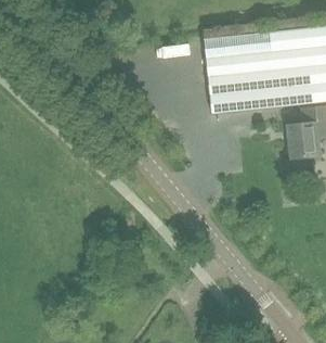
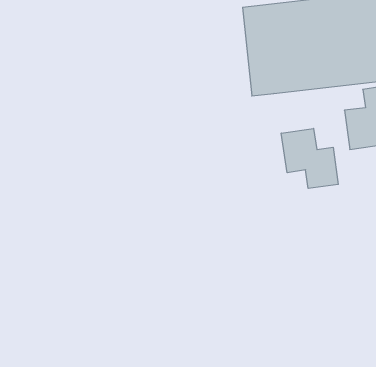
building: none -> [281,128,338,188]

